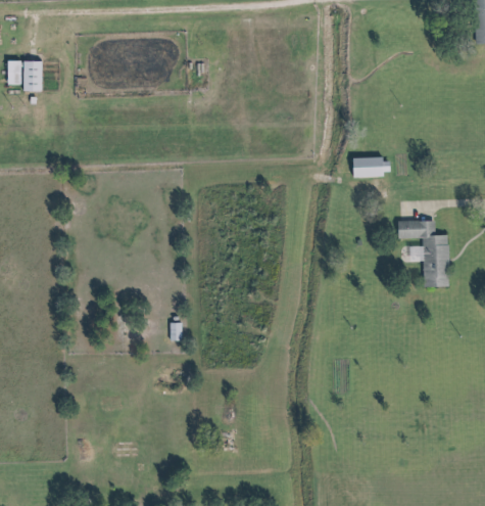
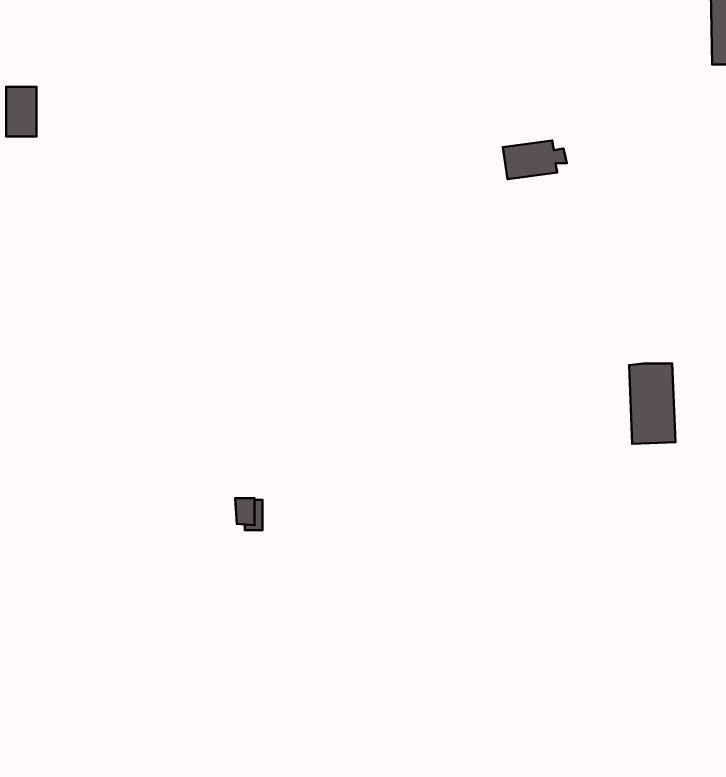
building: [350,154,391,179] -> [503,141,567,179]
building: [396,220,430,238] -> none

